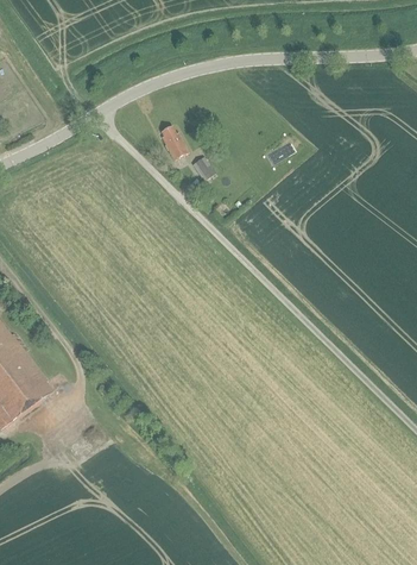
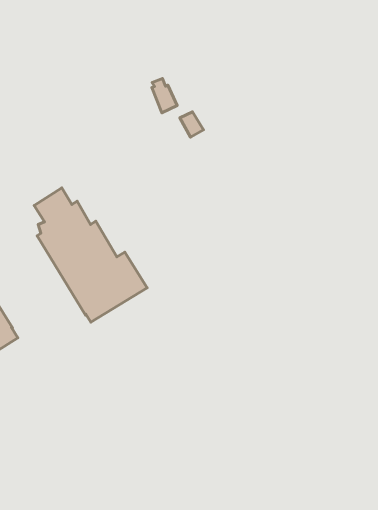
building: none -> [34,188,147,322]

